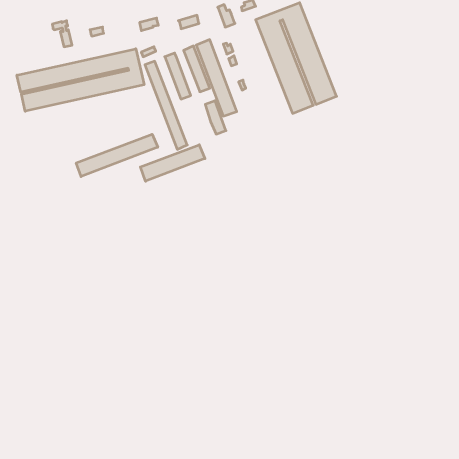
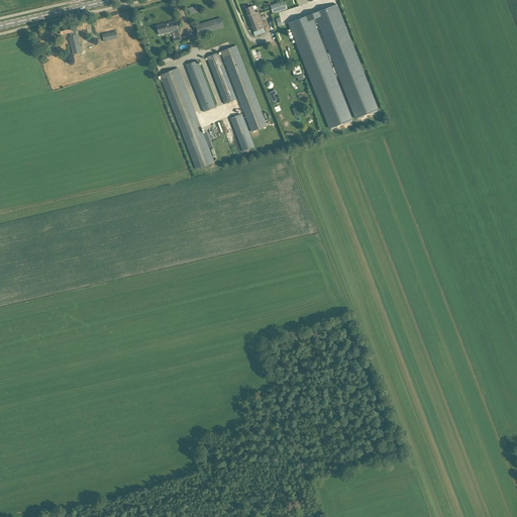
building: [17,49,144,111] -> none
building: [76,134,158,177] -> none
building: [140,145,205,181] -> none

